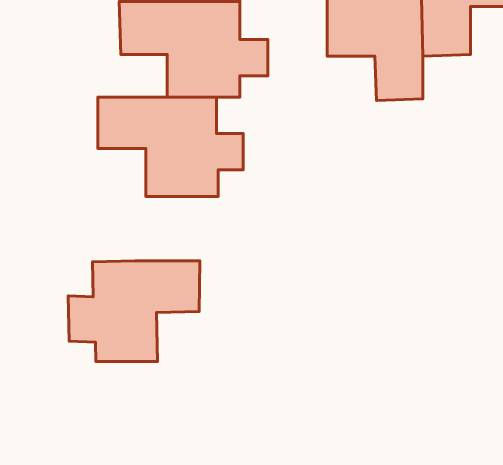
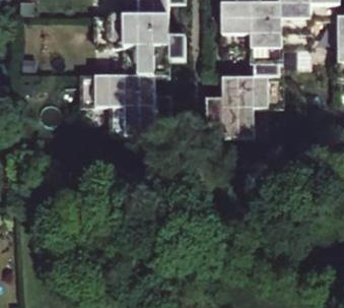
building: none -> [207,72,282,135]
building: [68,261,200,362] -> none

